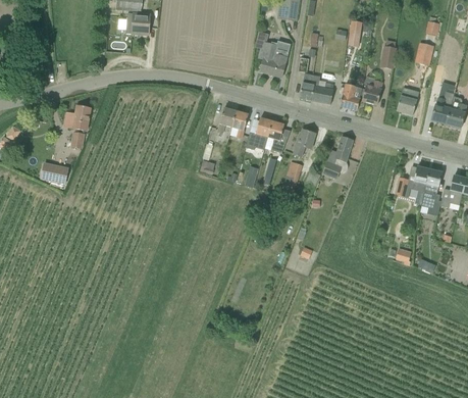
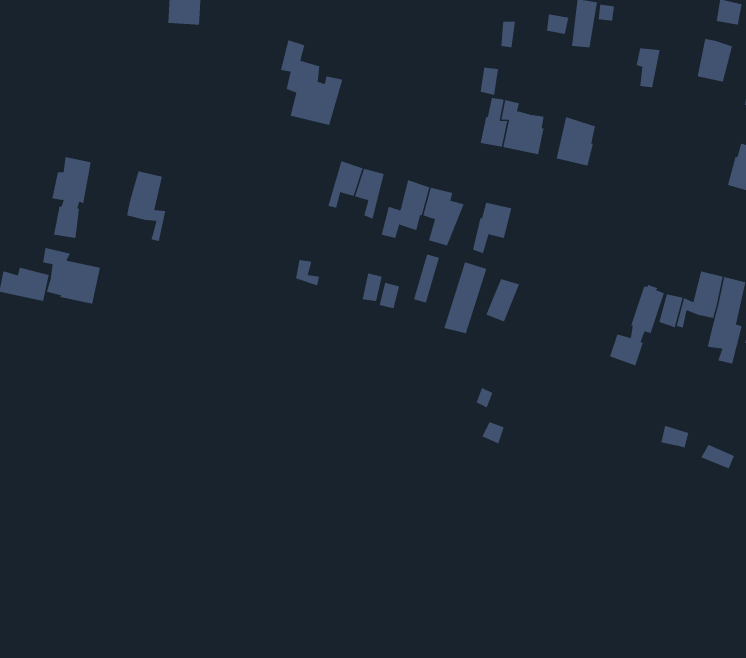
building: [255,30,289,76] -> [280,40,343,125]
building: [362,76,382,104] -> none
building: [397,80,416,114] -> none
building: none -> [127,171,166,242]
building: [323,135,354,179] -> [609,284,666,366]
building: none -> [42,247,100,304]

